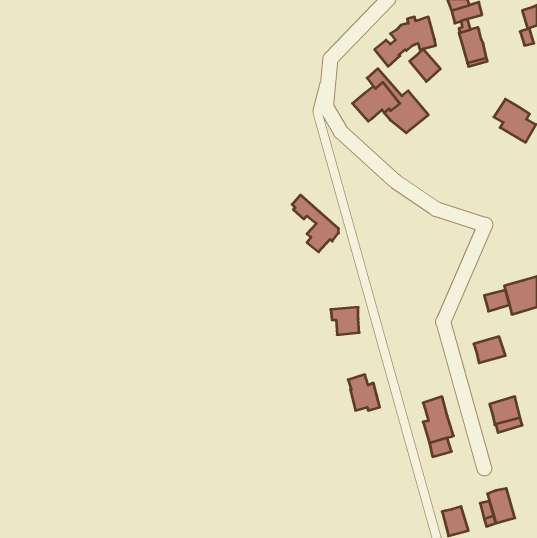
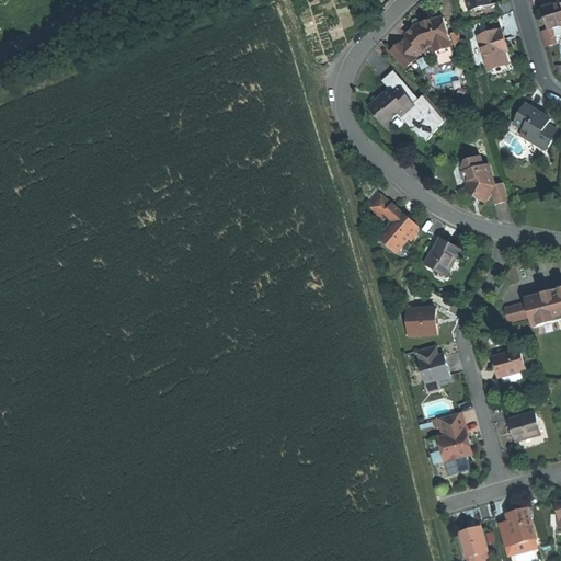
building: [410,49,440,82] -> none
building: none -> [460,158,508,205]
building: [292,195,339,252] -> [368,192,416,251]
building: none -> [424,238,459,273]
building: [331,307,359,335] -> [407,308,436,336]
building: [348,375,380,410] -> [416,345,449,382]

